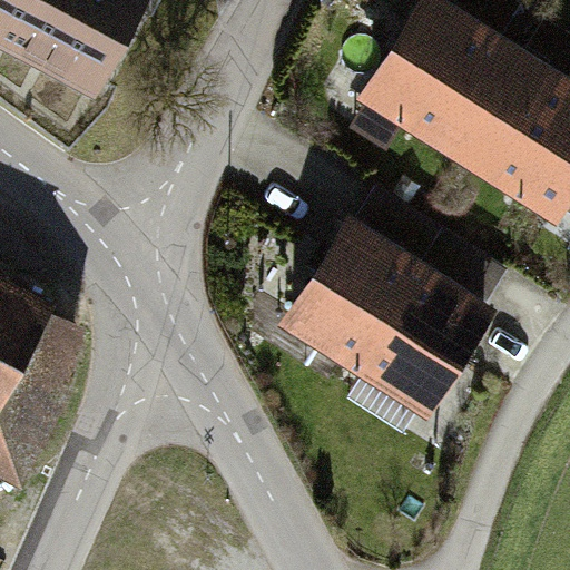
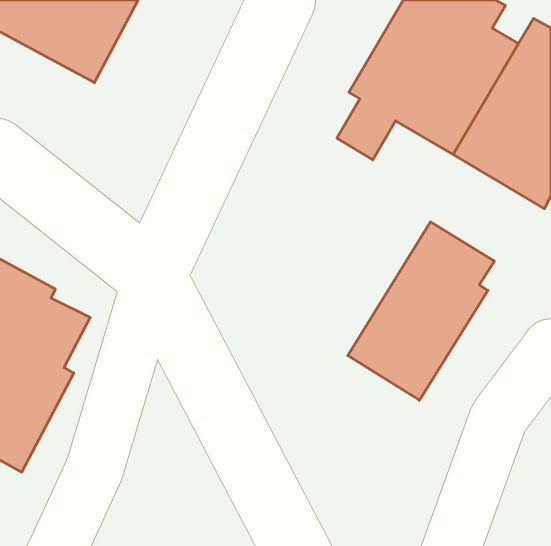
building: [278,197,441,394] -> none

